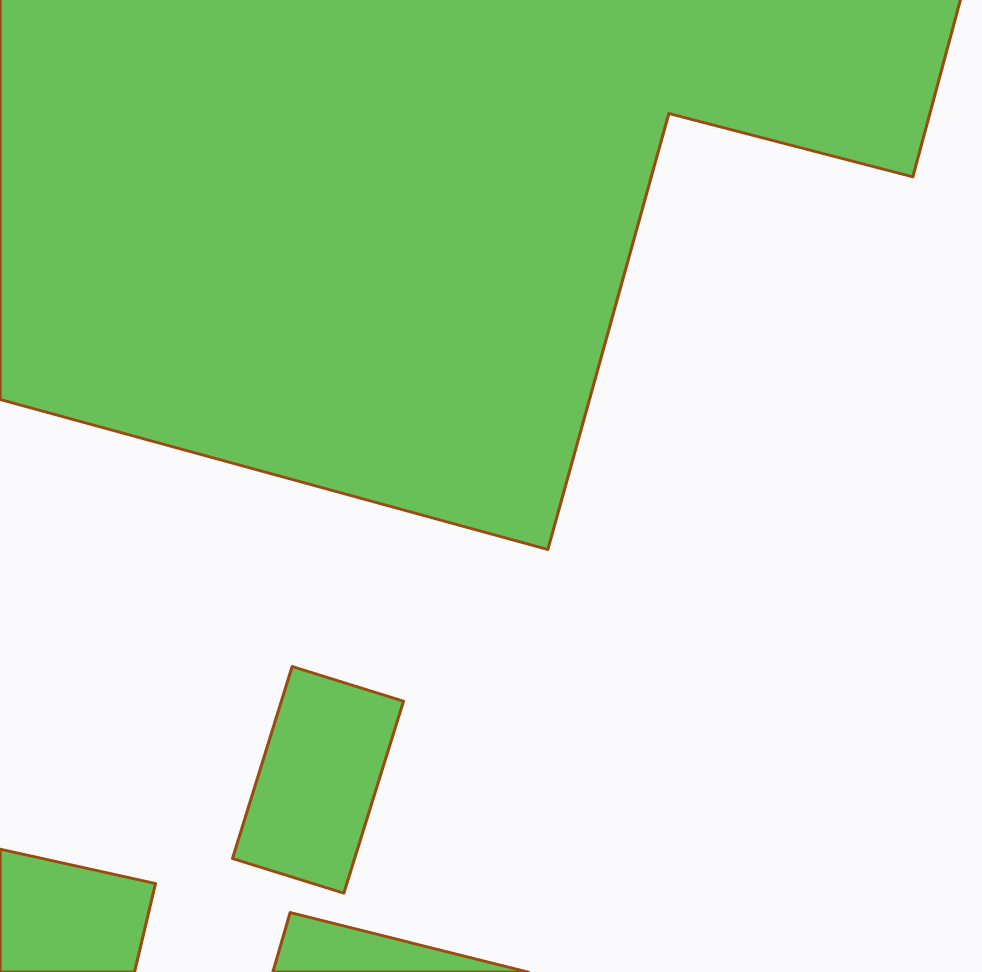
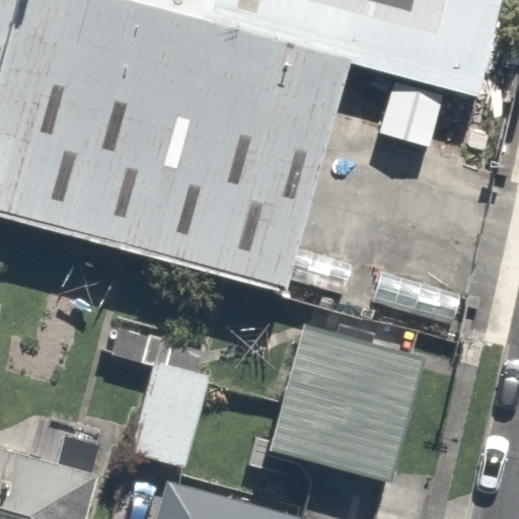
building: none -> [249,331,407,486]

